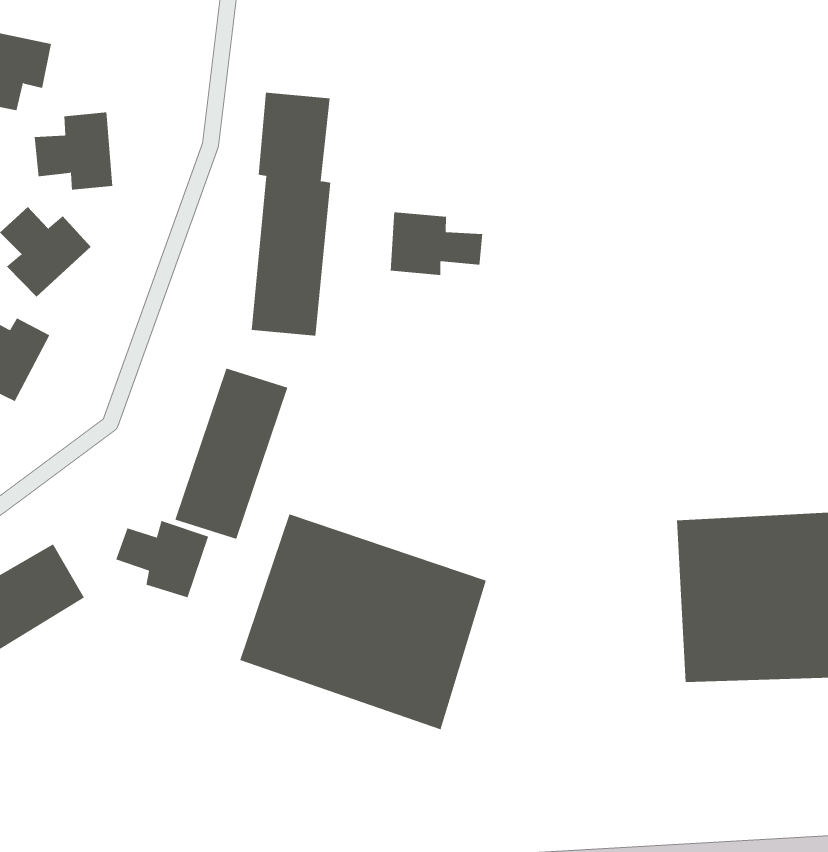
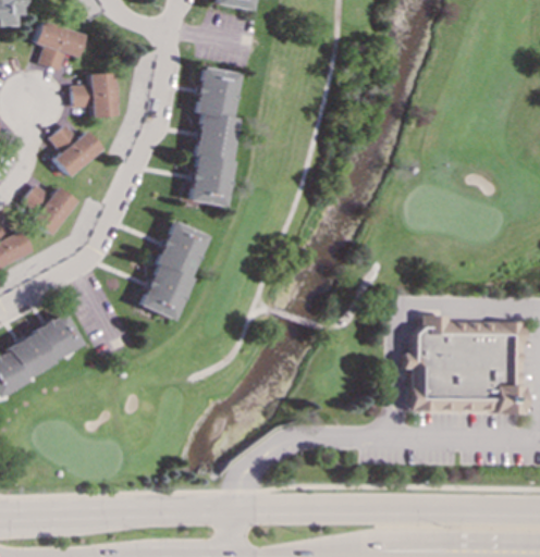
building: [390,212,483,276] -> none
building: [239,514,486,730] -> none
building: [116,520,209,598] -> none

